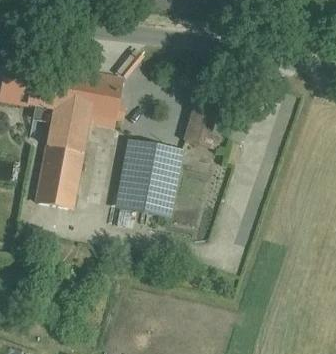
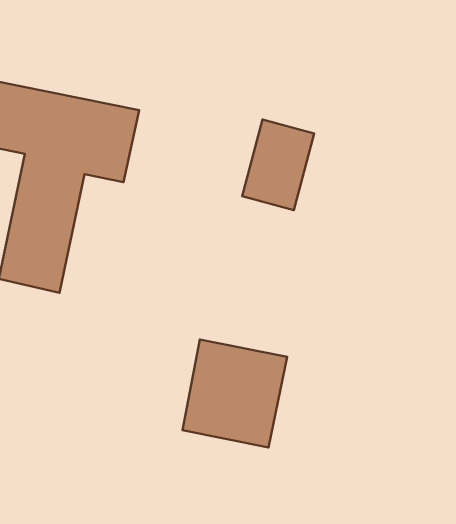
building: [119,146,186,215] -> [183,340,287,447]

